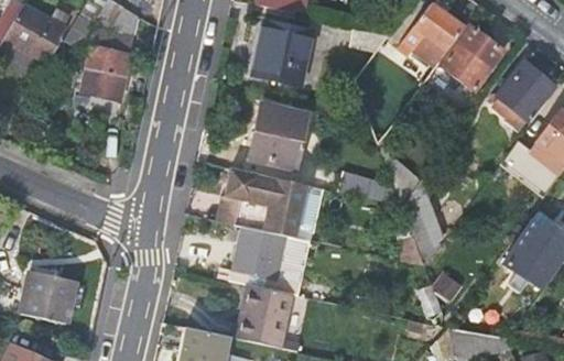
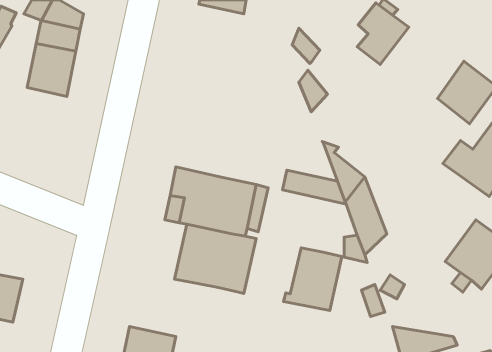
building: [251,18,313,86] -> none
building: [440,25,503,90] -> none
building: [247,102,307,168] -> none
building: [235,284,293,347] -> [284,248,342,310]

